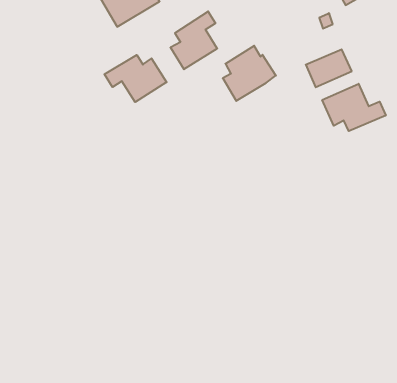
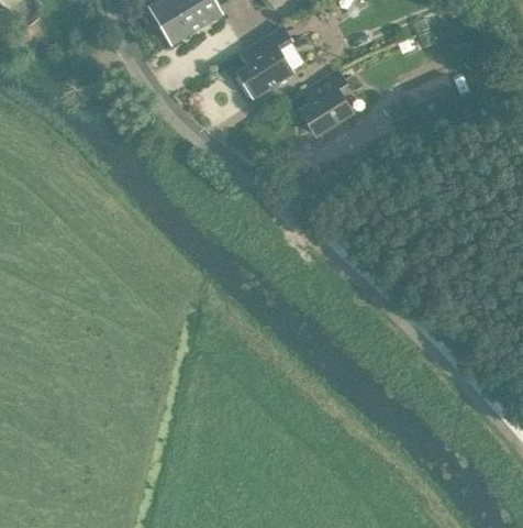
building: [104,55,167,102] -> none
building: [322,84,386,131] -> none

